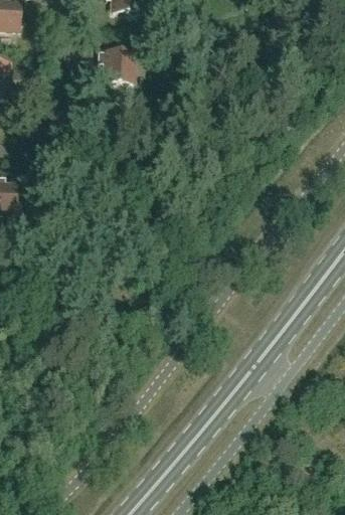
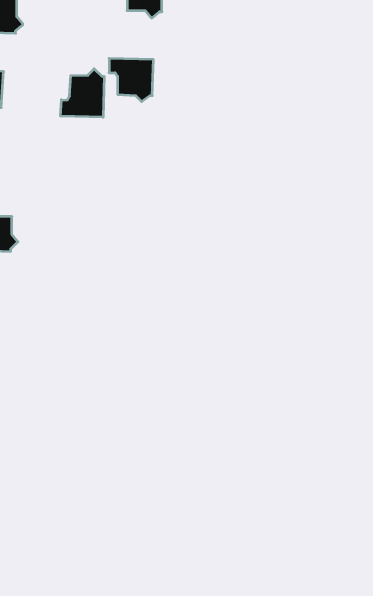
building: none -> [61,69,104,117]

